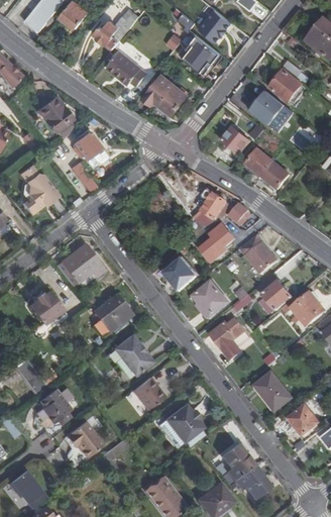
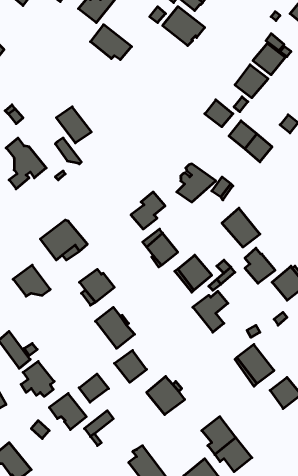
building: [143,74,189,114] -> none
building: [39,98,74,131] -> none
building: [204,222,238,260] -> [131,192,165,229]
building: none -> [79,374,109,402]

